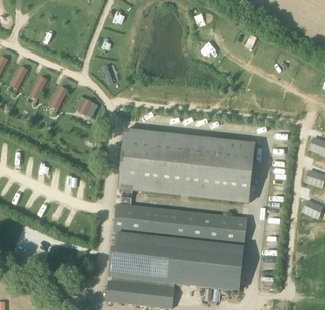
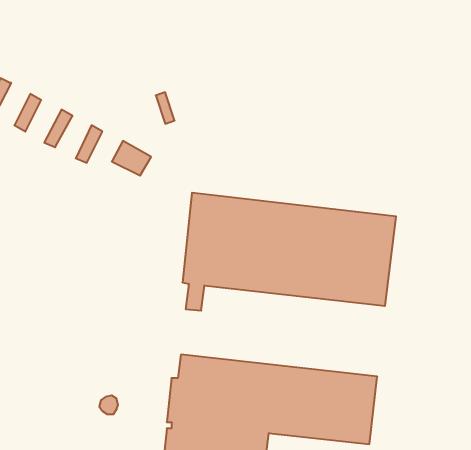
building: [112,202,247,246] -> none

